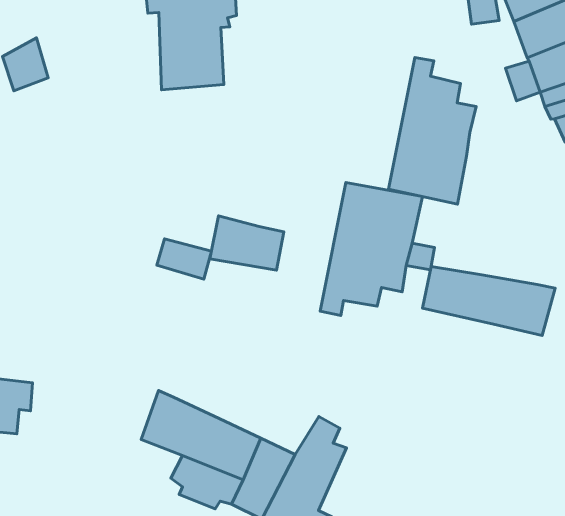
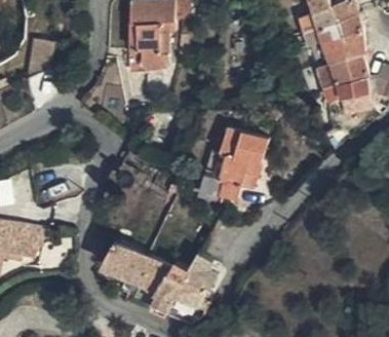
building: [388,57,476,204] -> none
building: [210,216,284,270] -> none
building: [423,266,555,335] -> none

